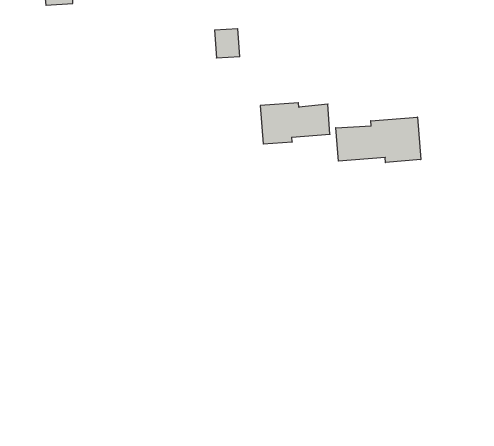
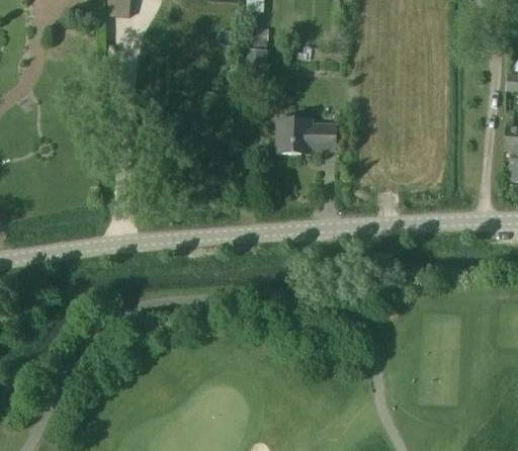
building: [336,117,421,163] -> none

